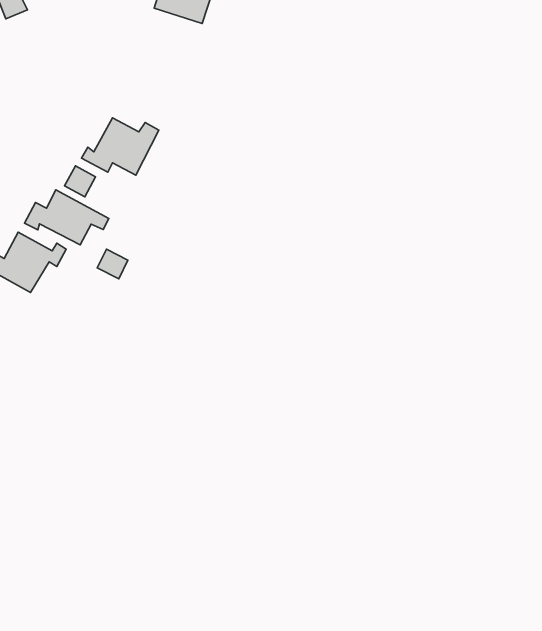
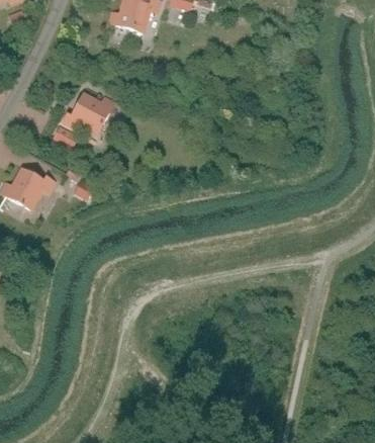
building: [25,190,109,245] -> none

